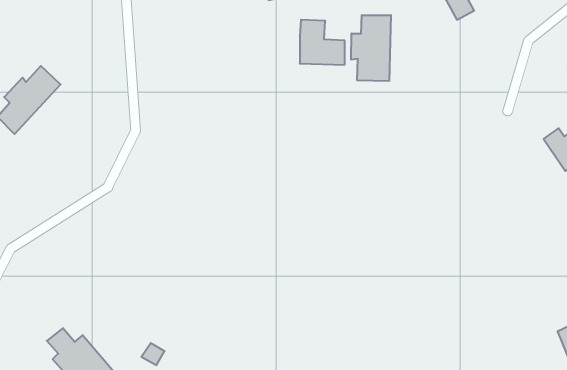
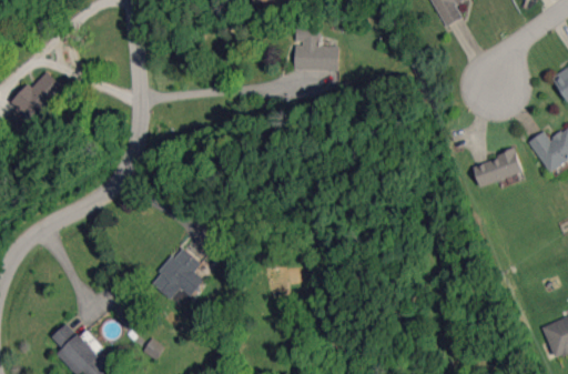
building: [351,15,391,81] -> none
building: none -> [475,148,523,185]
building: none -> [152,246,205,299]

